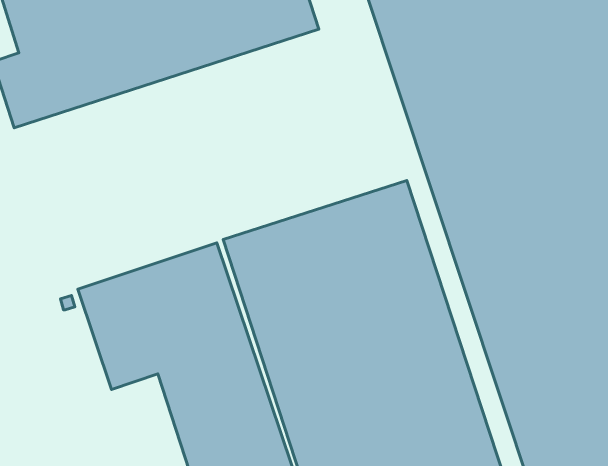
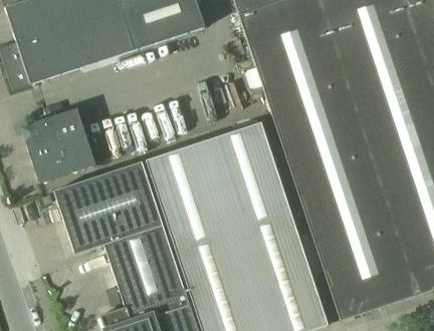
building: none -> [23,107,94,182]

